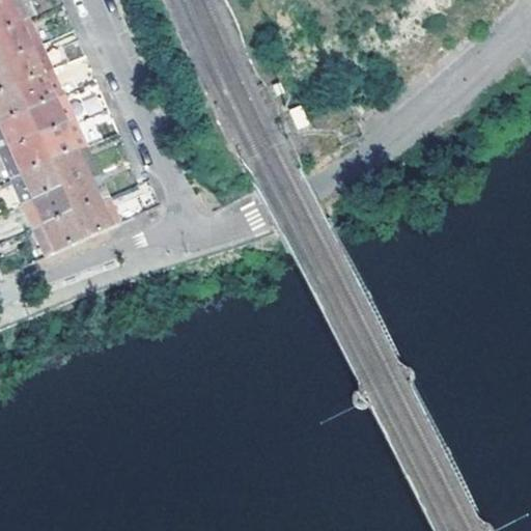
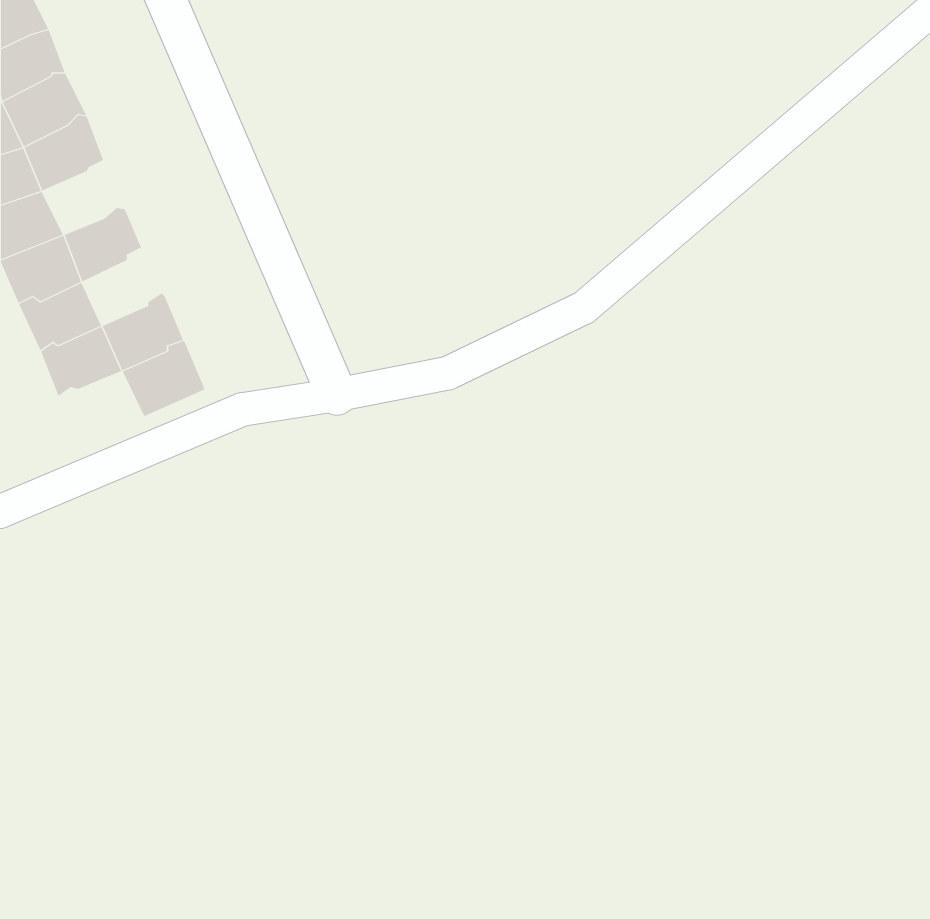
building: [24,91,72,134] -> none
building: [47,141,92,186] -> none
building: [33,212,82,254] -> none

